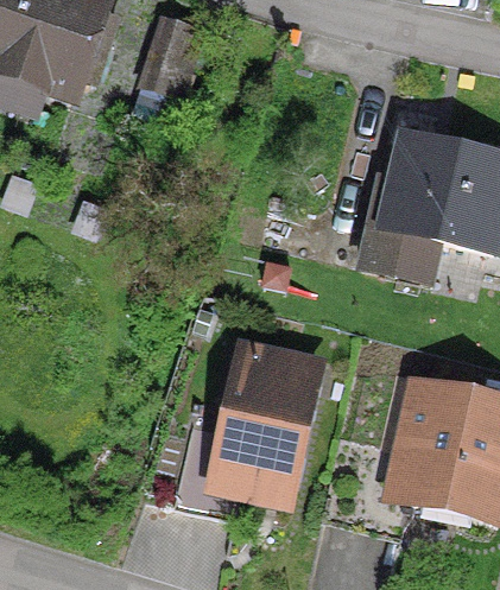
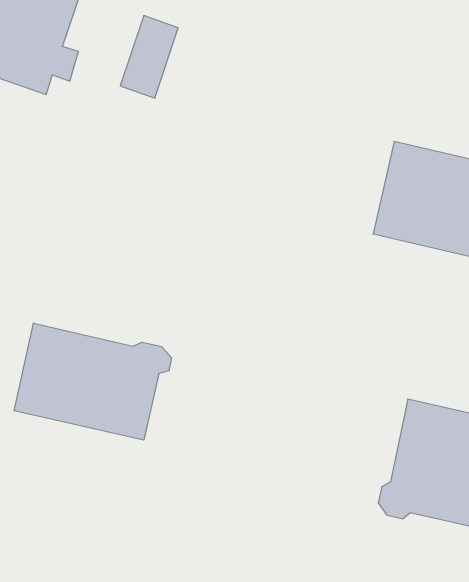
building: none -> [14,323,172,440]
building: [208,350,314,501] -> none

